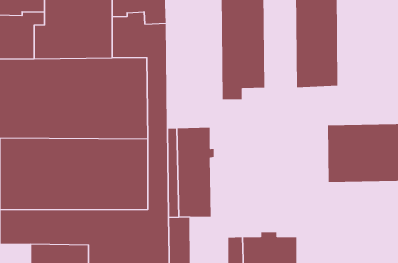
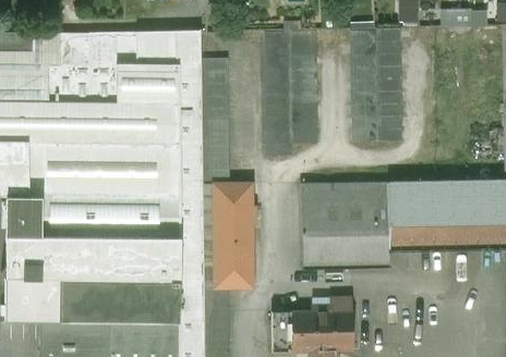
building: none -> [201,59,227,183]
building: none -> [300,182,387,269]

